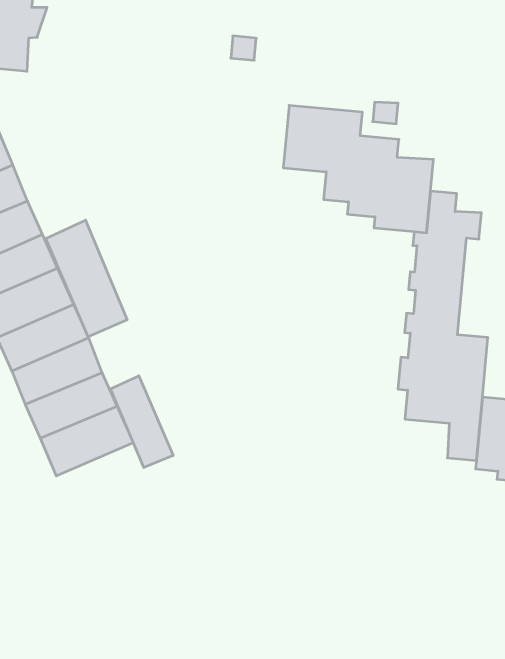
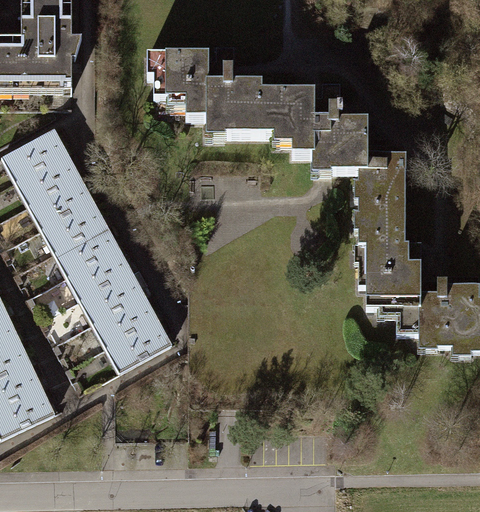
building: none -> [147,56,261,135]
building: [46,220,127,337] -> none
building: [111,376,173,468] -> none

